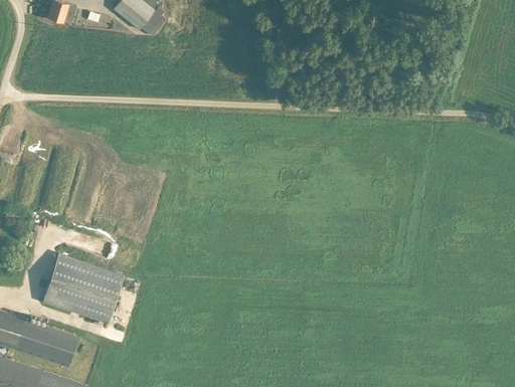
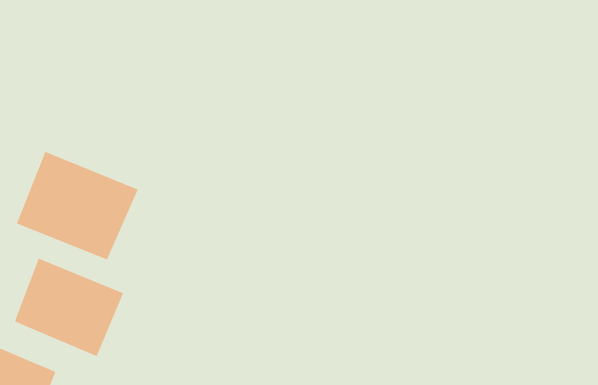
building: none -> [16,151,139,260]

